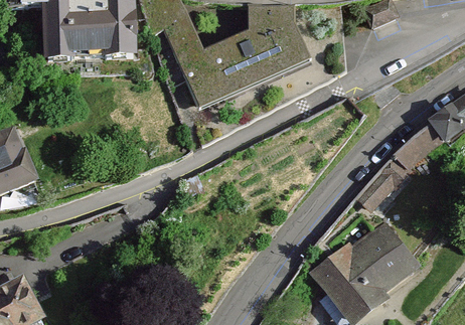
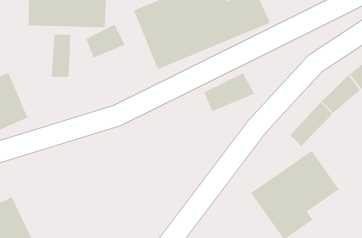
building: none -> [85,24,126,59]
building: none -> [51,34,71,78]
building: none -> [204,72,255,112]

